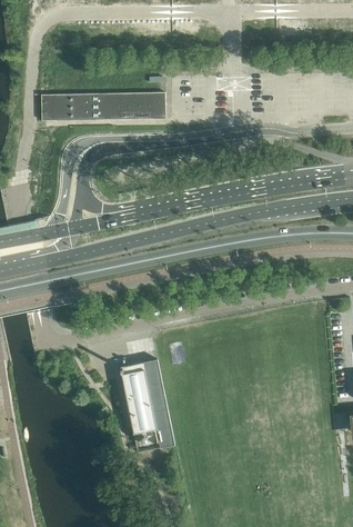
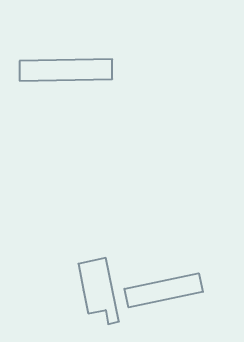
building: none -> [124,273,203,307]

